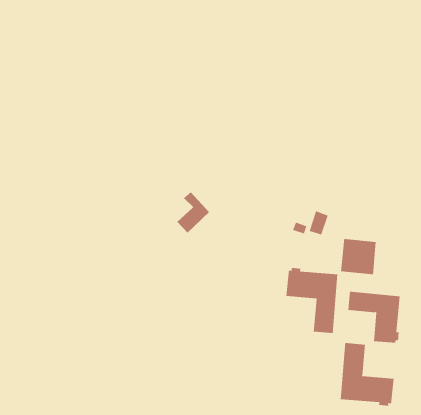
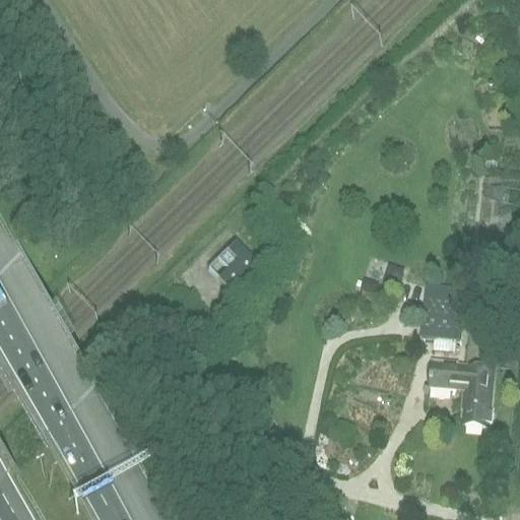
building: [286,267,338,334] -> none
building: [340,342,394,406] -> none

